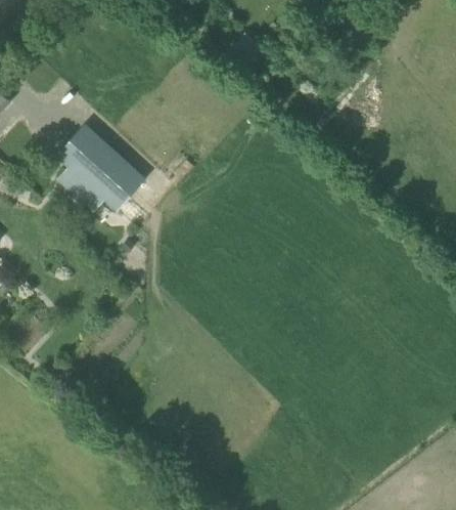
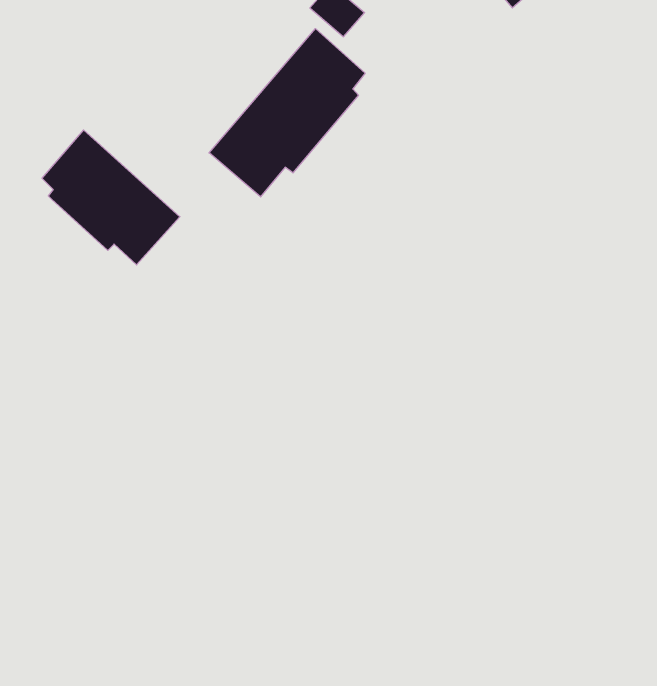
building: none -> [209,29,365,197]

